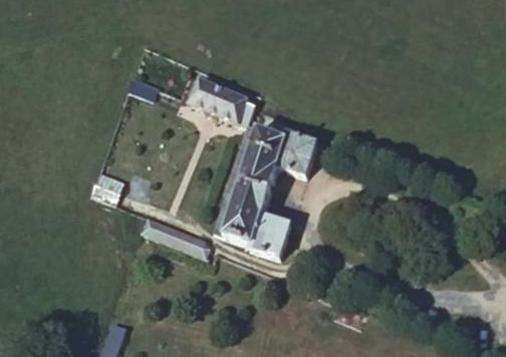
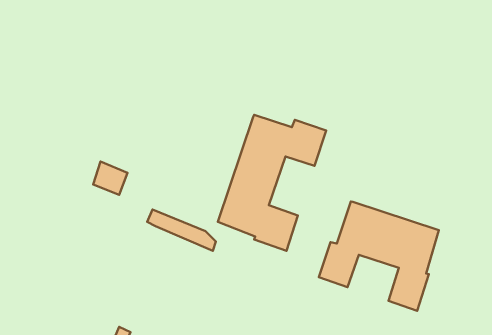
building: [191,80,260,131] -> none
building: none -> [319,202,439,311]

